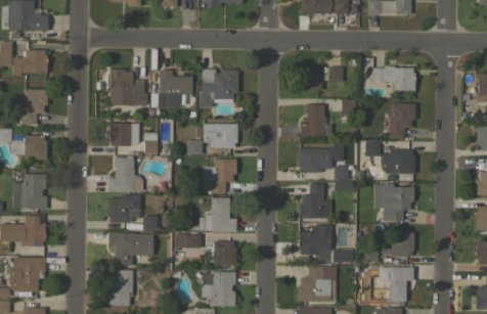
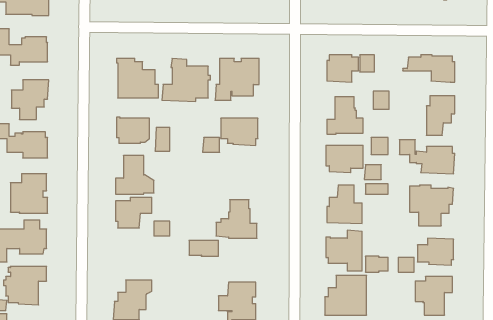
building: [203,159,236,193] -> none
building: [108,232,156,266] -> none
building: [208,241,236,266] -> none

